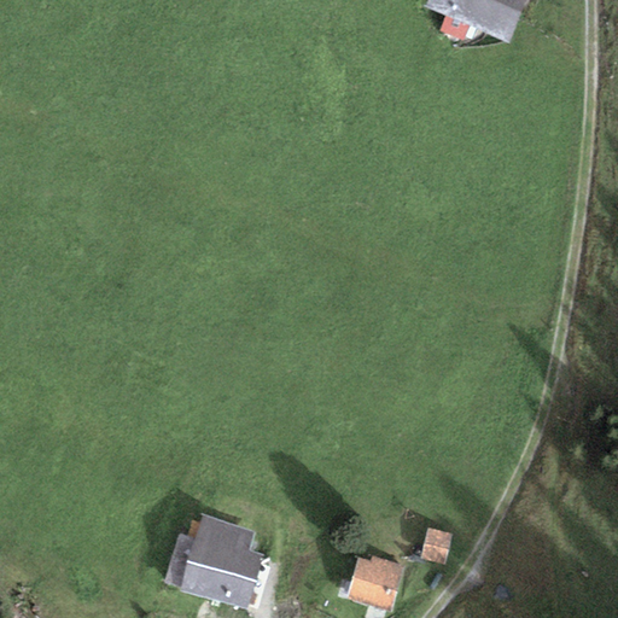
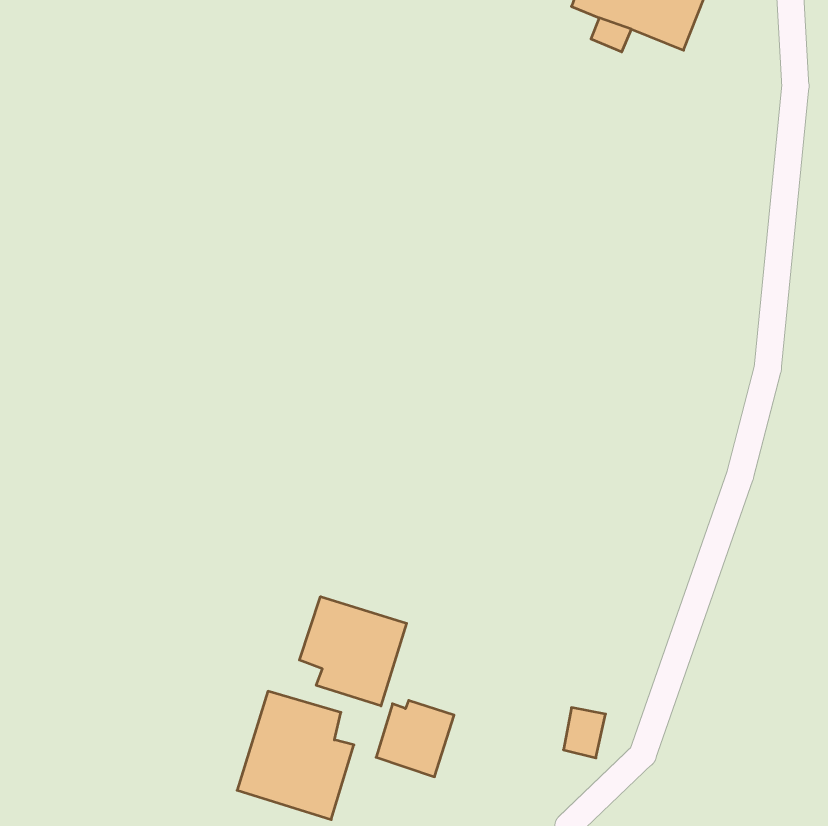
building: none -> [299,597,407,706]
building: [346,553,404,610] -> [376,700,454,777]

